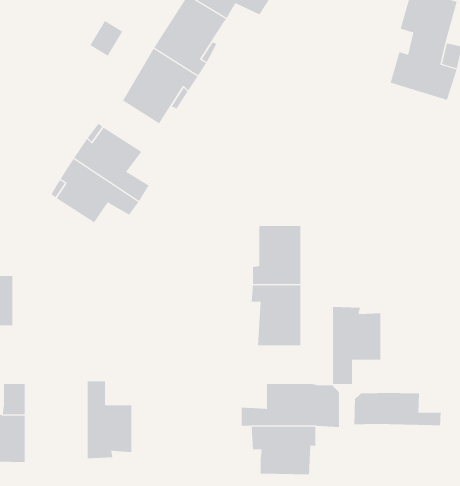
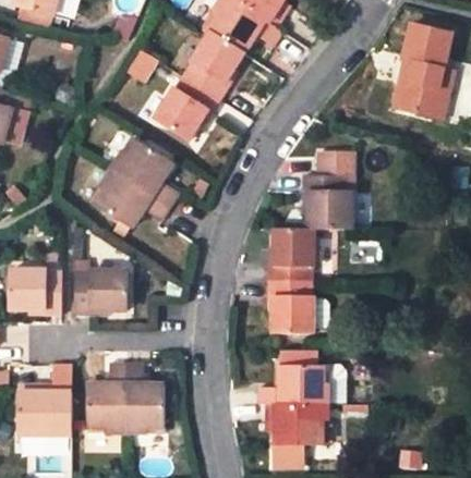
building: none -> [304,151,351,229]
building: none -> [73,272,128,317]
building: [332,306,381,385] -> none
building: none -> [87,363,124,431]
building: [354,392,441,426] -> none

